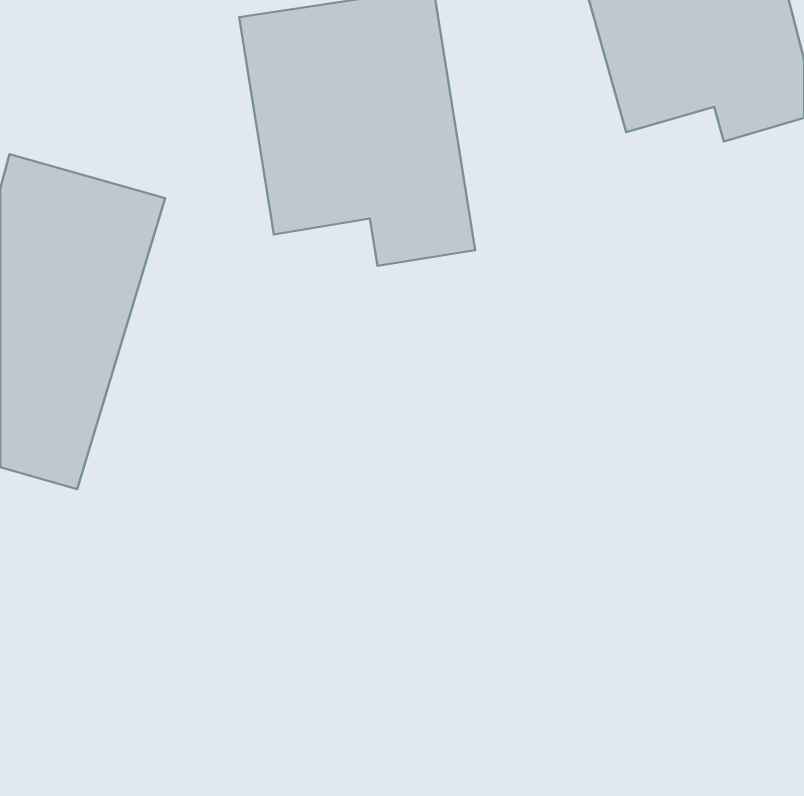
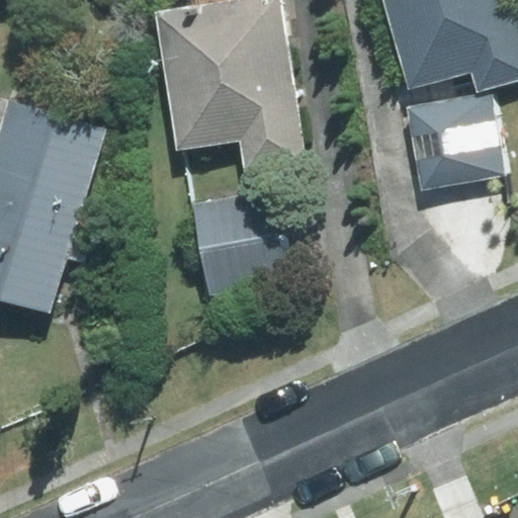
building: none -> [394,94,508,196]
building: none -> [192,188,283,294]

